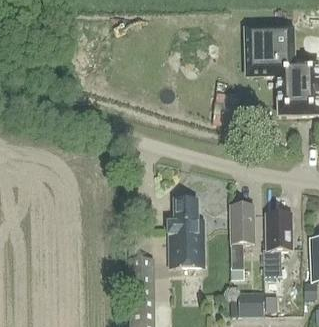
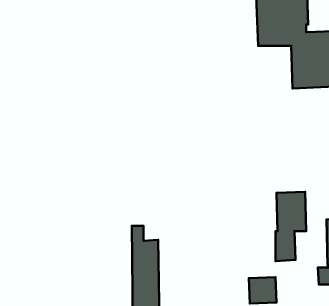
building: [167,199,203,267] -> none
building: [229,203,253,267] -> none

